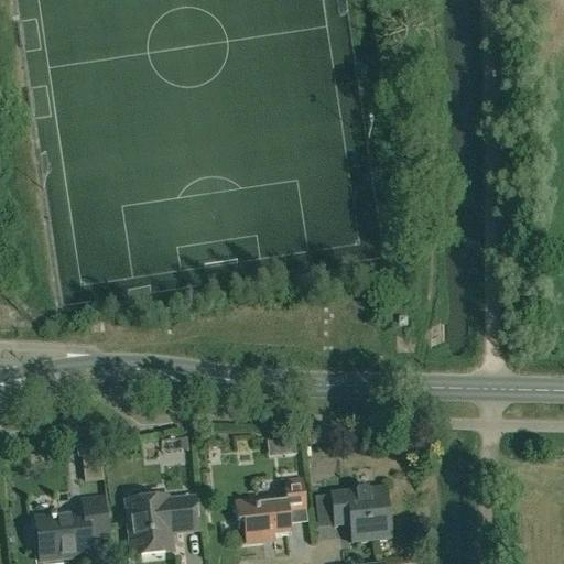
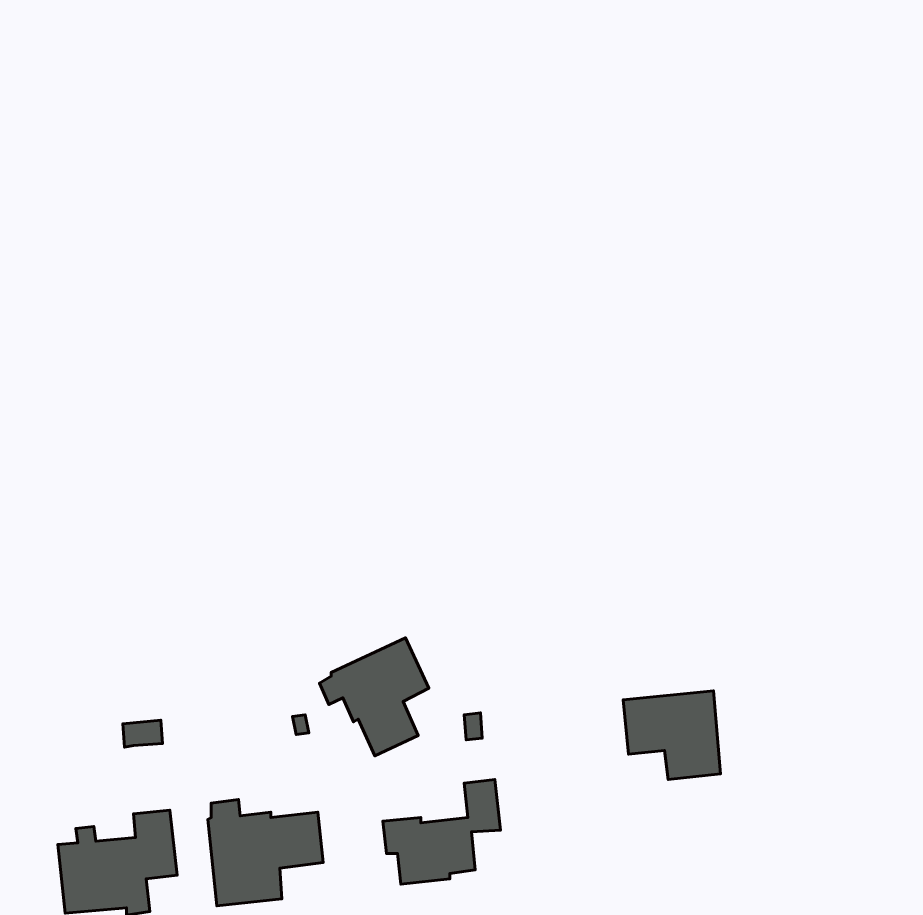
building: none -> [320,638,429,756]
building: [330,485,390,539] -> [623,691,721,779]

